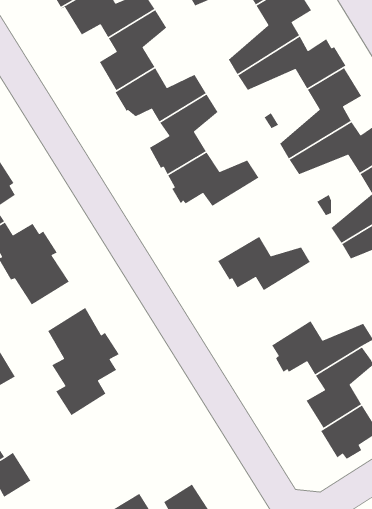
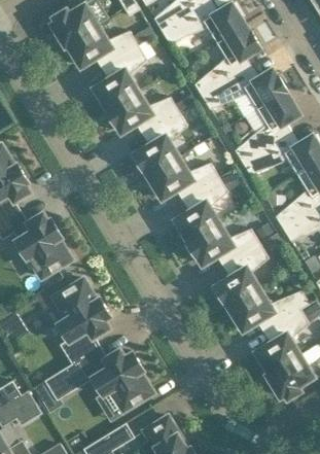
building: none -> [174,177,227,242]
building: none -> [213,243,270,308]
building: none -> [44,346,152,411]

